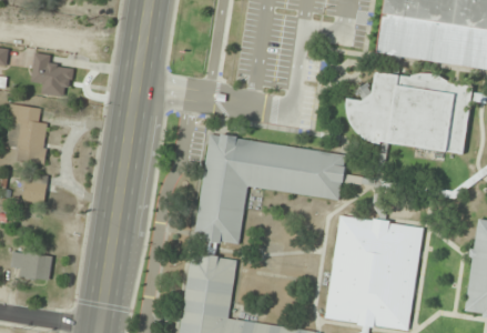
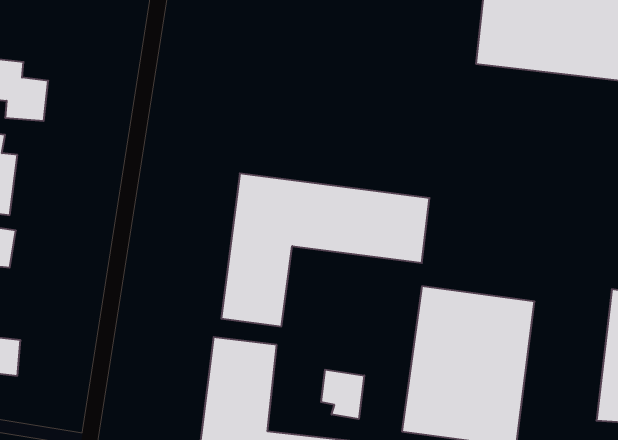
building: [347,72,473,185] -> none
building: none -> [321,370,364,419]

